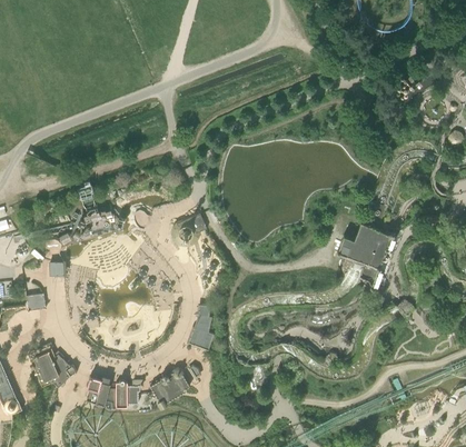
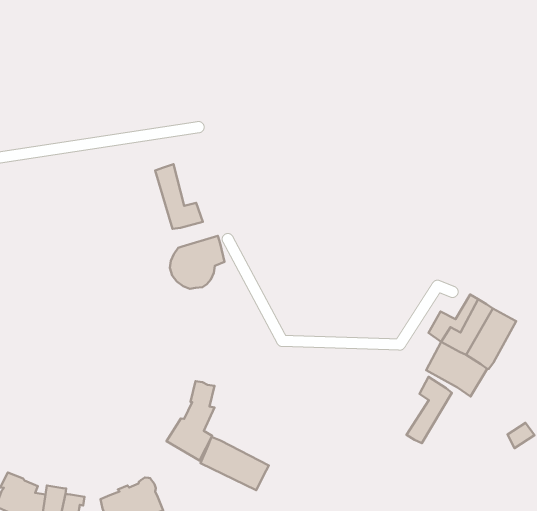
building: none -> [155,164,203,229]
building: none -> [406,377,452,443]
building: none -> [201,437,269,490]

